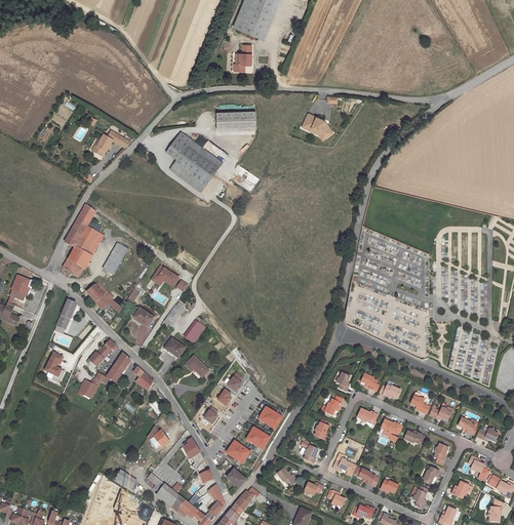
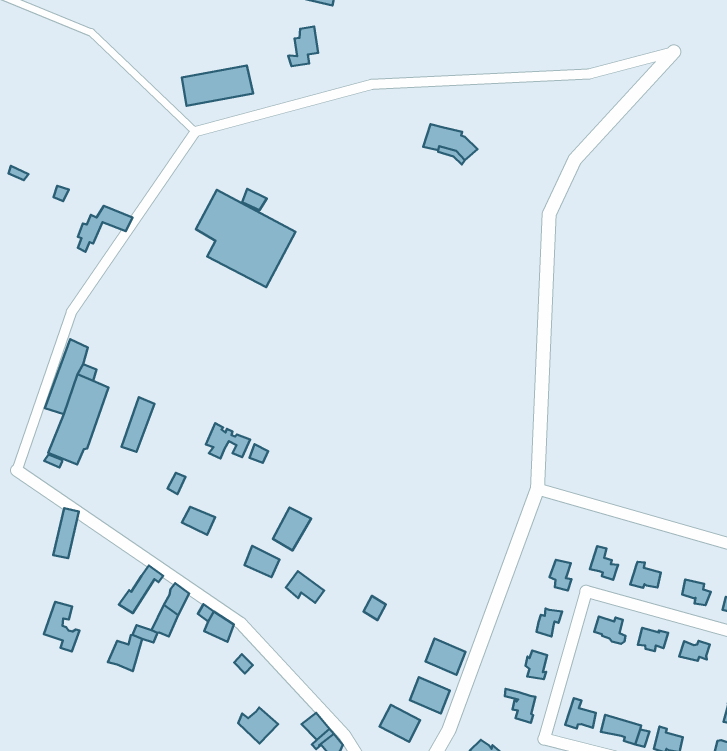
building: [216,111,255,128] -> [182,66,253,106]
building: [86,281,121,312] -> none

